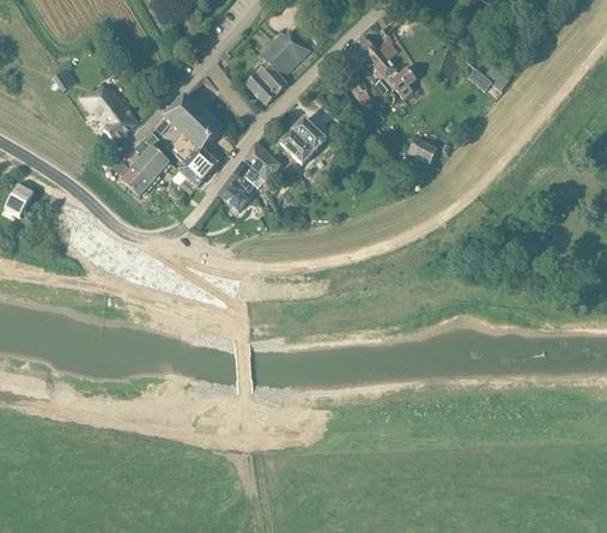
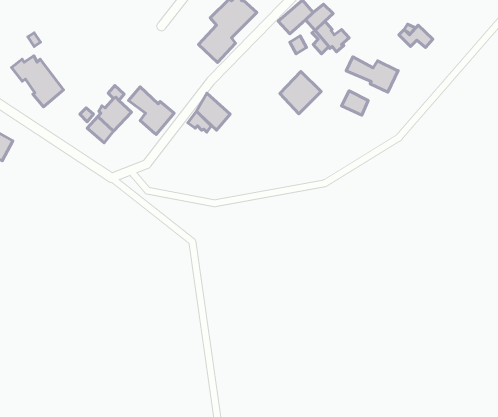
building: [79,84,138,141] -> [12,56,64,107]
building: [154,95,221,152] -> none
building: none -> [346,57,398,92]
building: [280,117,327,165] -> [280,71,321,114]
building: [218,174,255,211] -> none

